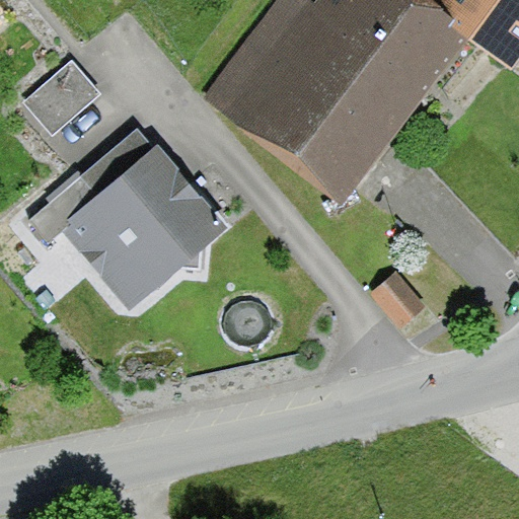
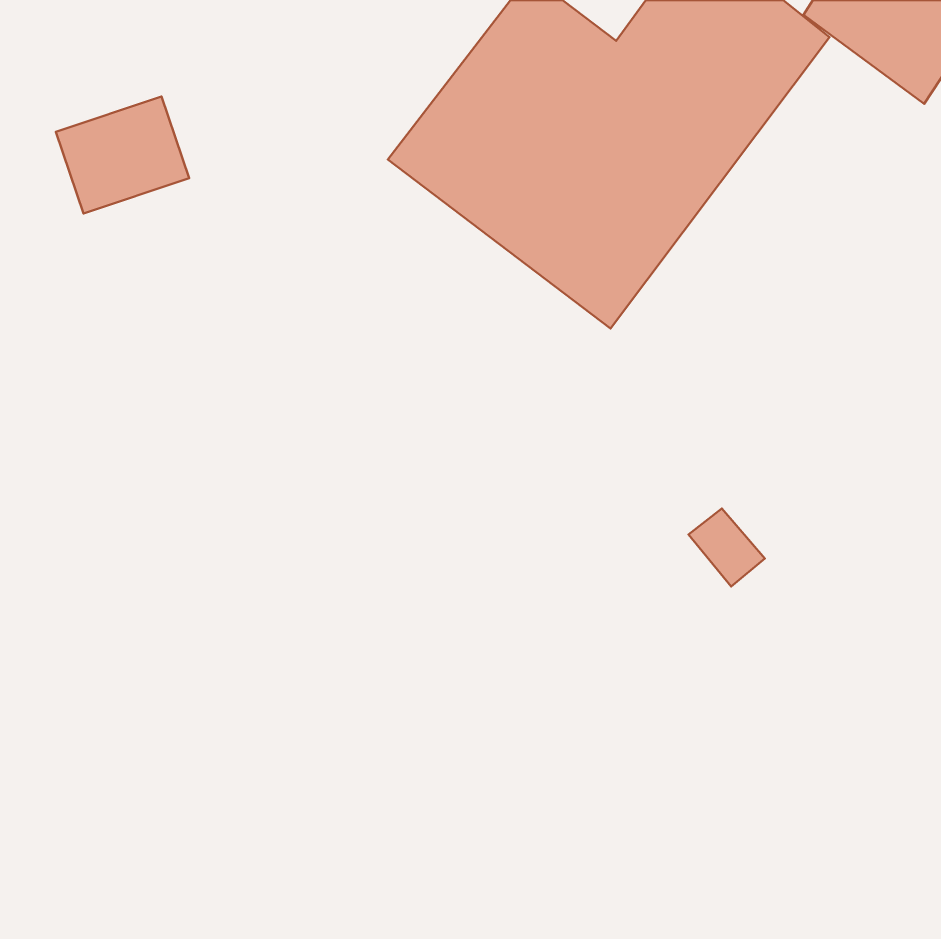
building: [31,157,221,285] -> none

